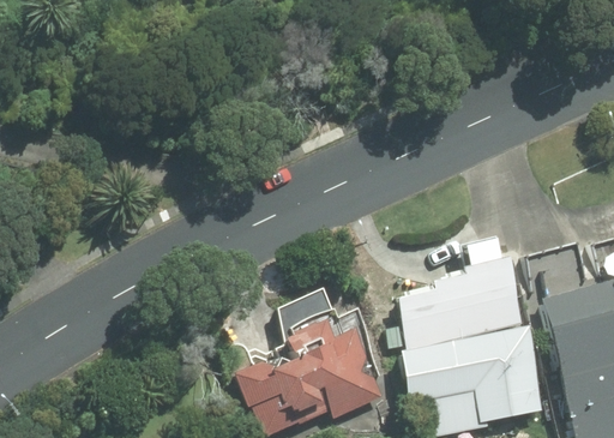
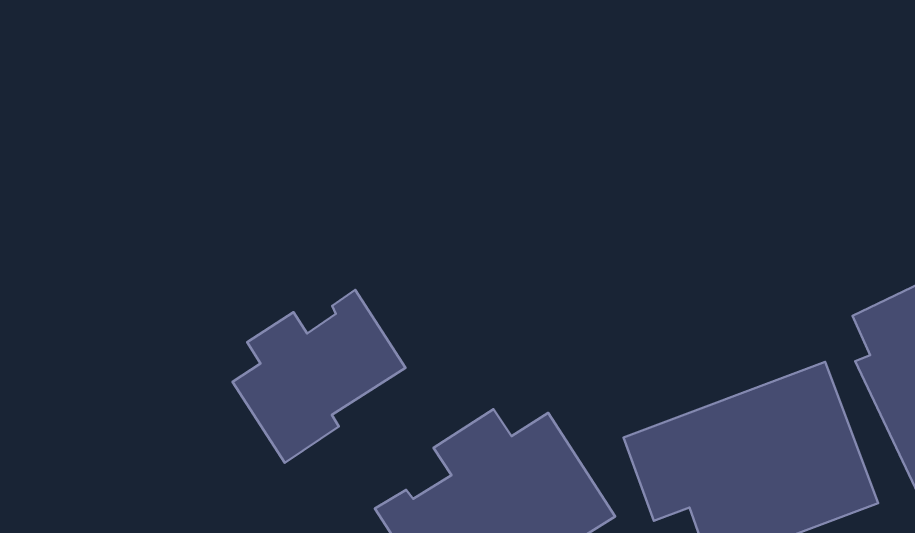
building: none -> [233,290,405,463]
building: [401,254,522,344] -> none

